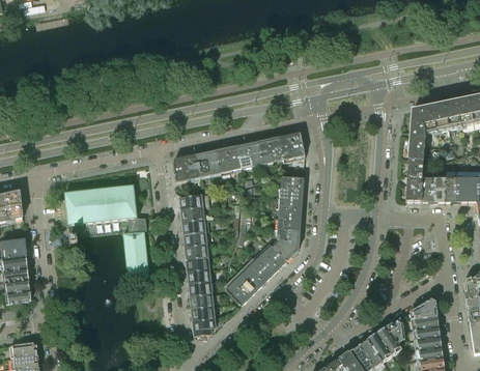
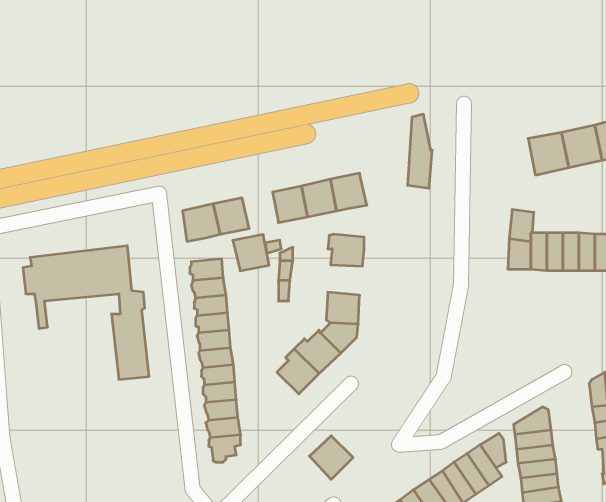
building: [408,108,426,161] -> [408,114,432,188]
building: [216,146,242,172] -> [233,235,269,271]
building: [277,198,302,220] -> none
building: [225,275,256,306] -> [309,436,353,479]

